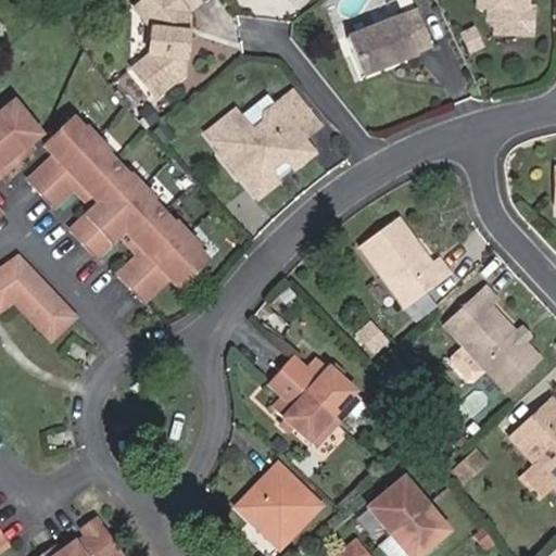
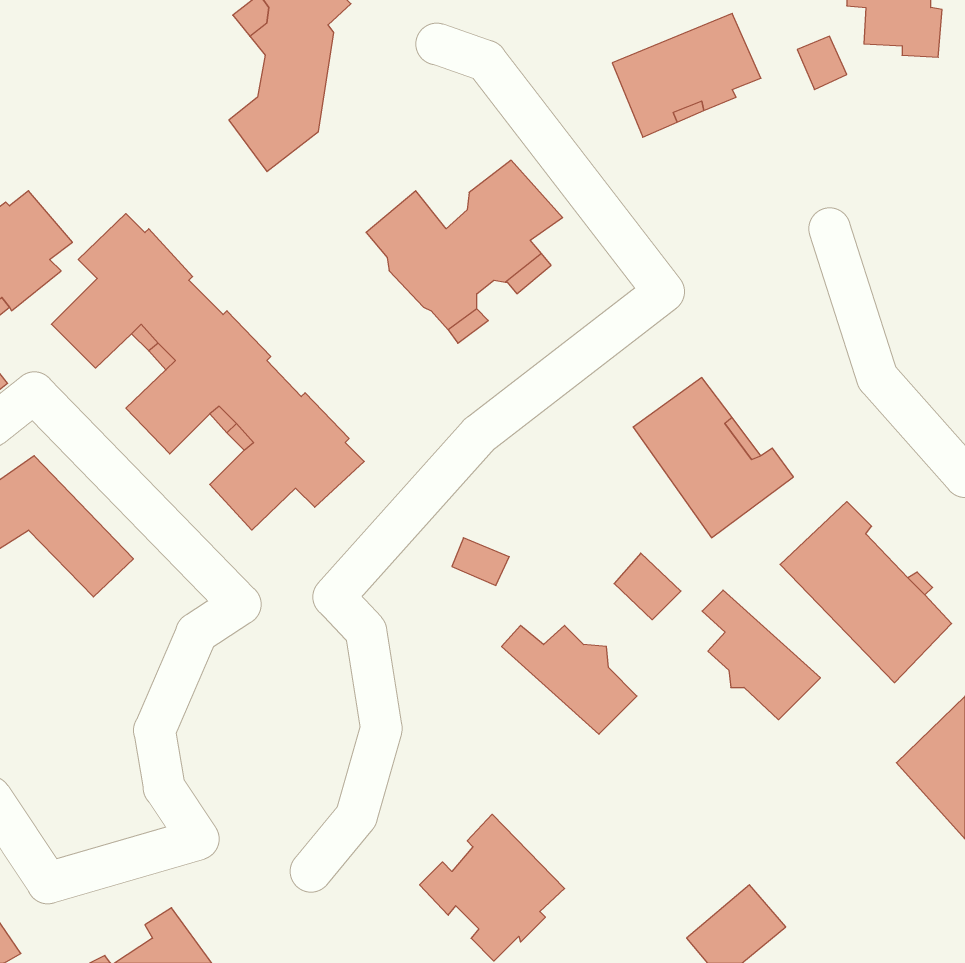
building: [274,368,341,442] -> [702,590,820,720]
building: [368,476,427,534] -> none

